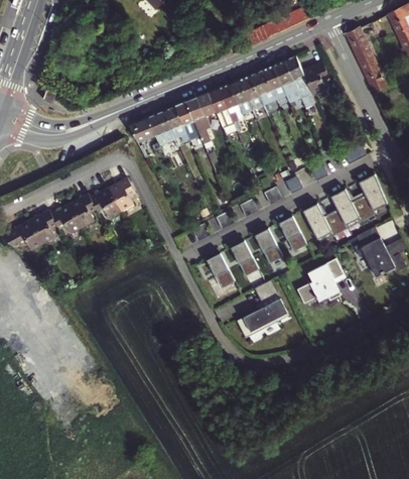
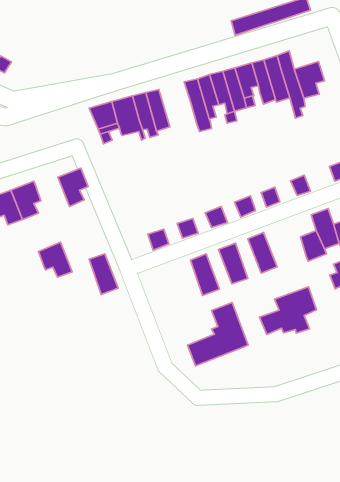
building: [186,94,216,144] -> none
building: [90,189,121,219] -> [38,242,72,277]
building: [302,203,330,239] -> none
building: [207,253,235,288] -> [89,254,118,294]

